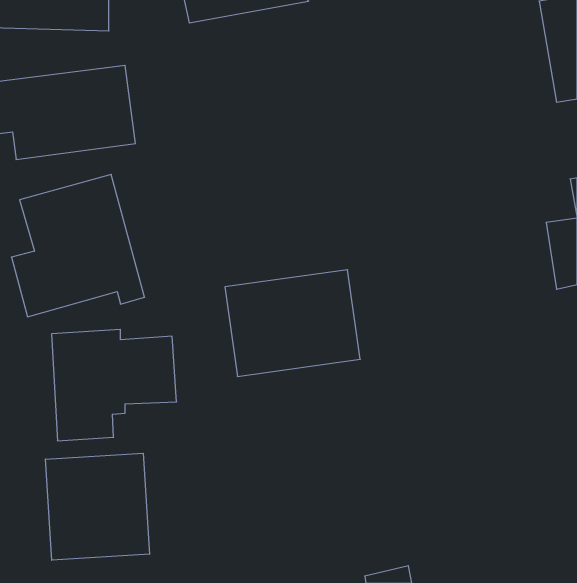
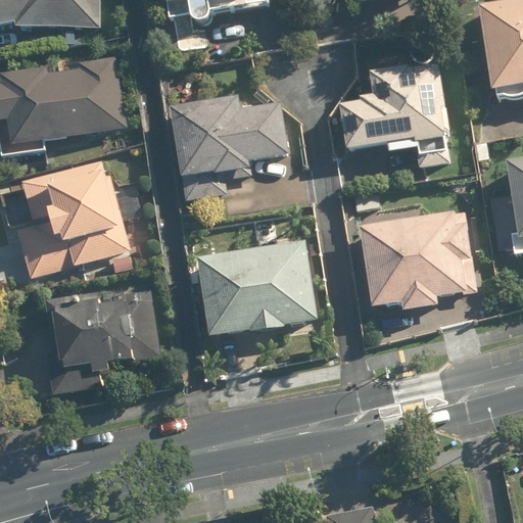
building: none -> [343,60,453,169]
building: none -> [174,95,291,178]
building: none -> [361,210,474,307]
building: [46,453,149,560] -> none

